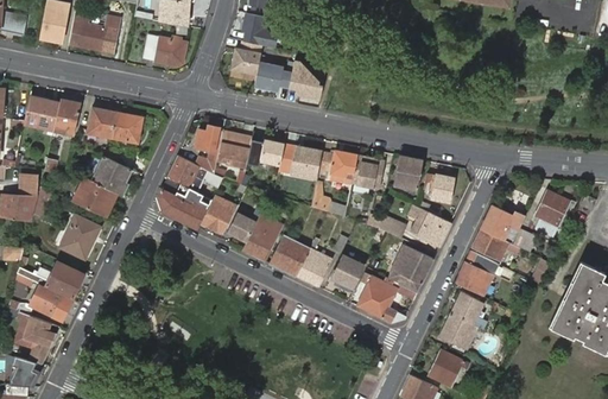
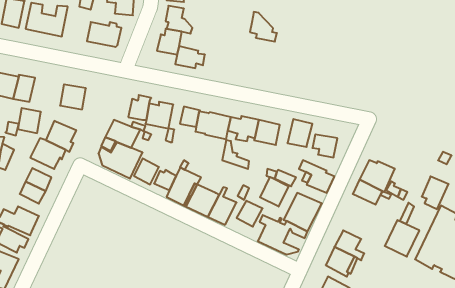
building: [287,62,321,99] -> [250,12,277,42]
building: [87,107,115,138] -> [18,108,41,133]
building: [536,190,569,230] -> [422,176,449,209]
building: none -> [260,177,289,207]
building: [455,251,498,296] -> [385,220,419,257]

